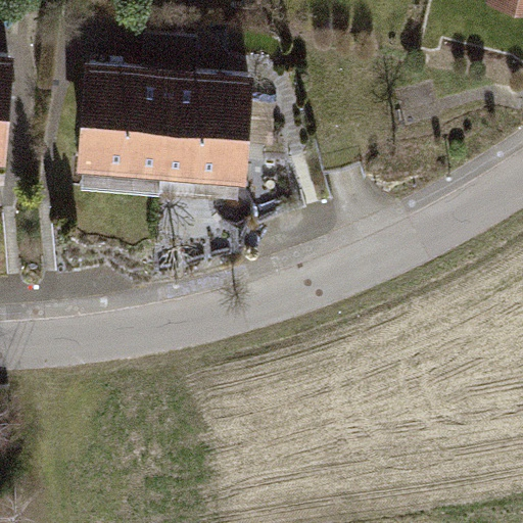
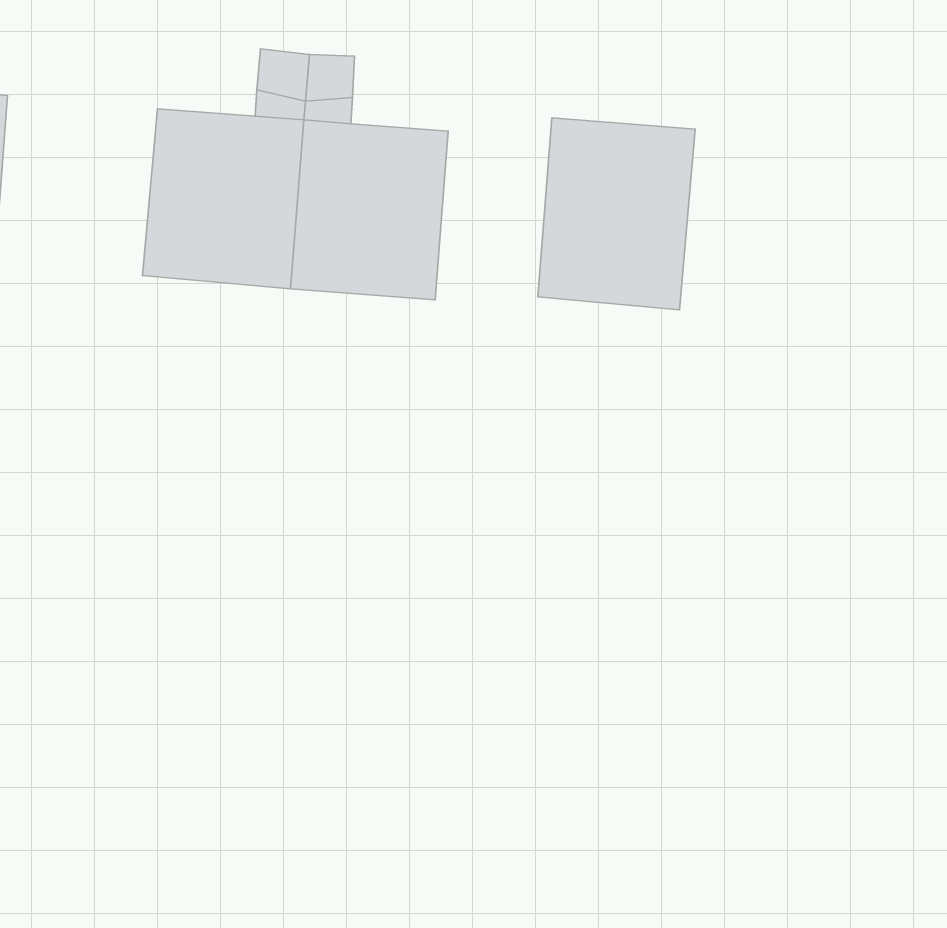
building: none -> [538,118,695,310]

